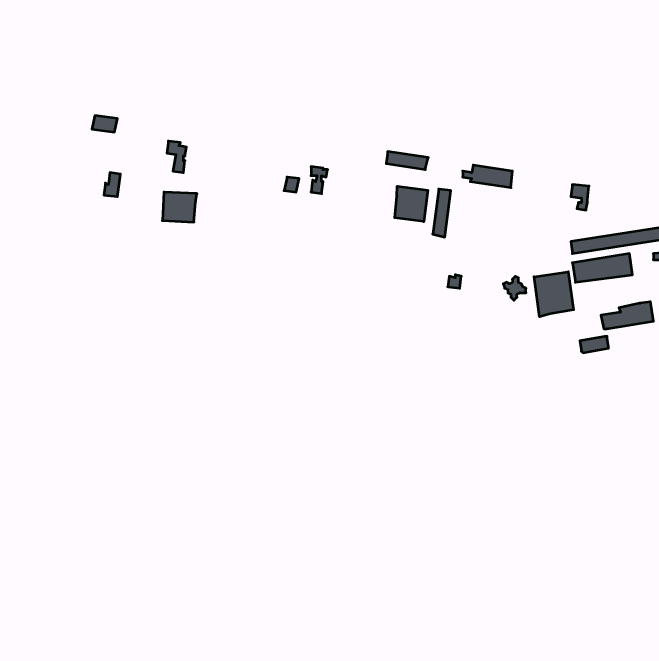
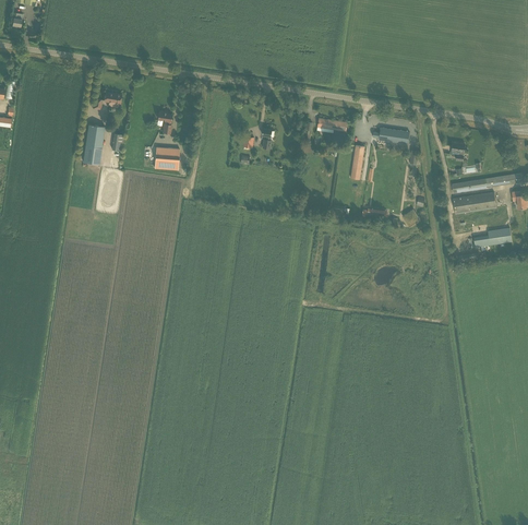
building: none -> [83,123,105,164]
building: [395,186,428,222] -> none
building: [534,272,574,317] -> none

